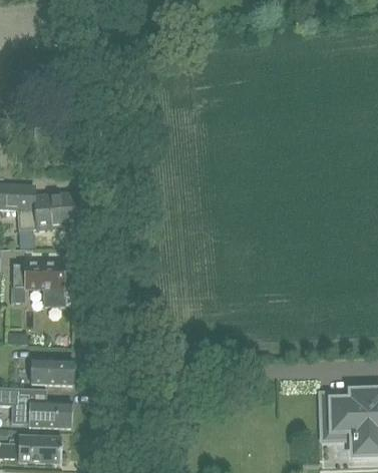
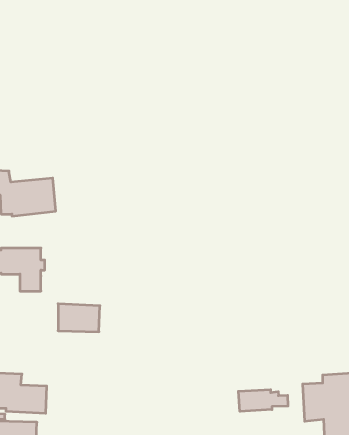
building: [31,357,73,385] -> [58,304,100,332]
building: none -> [238,390,288,411]

